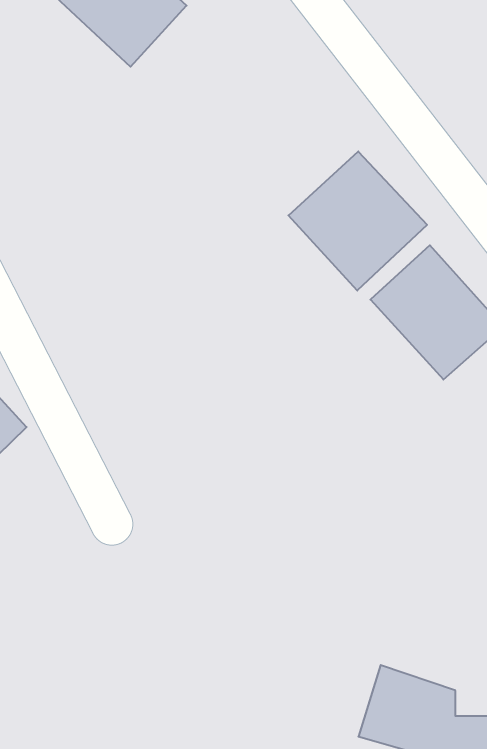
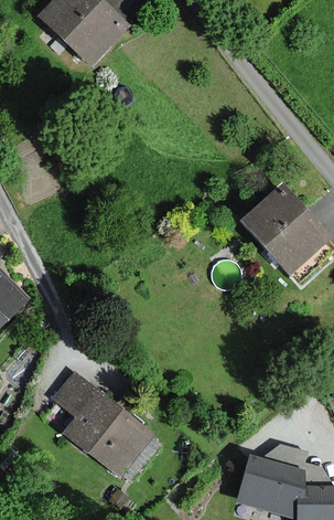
building: [288,151,427,291] -> none
building: none -> [56,374,151,473]

